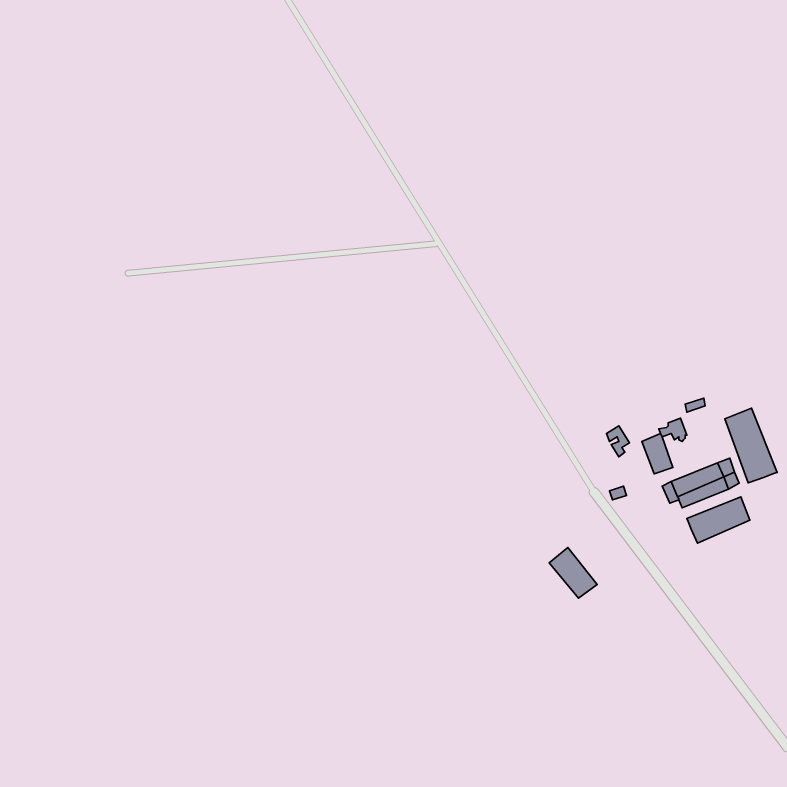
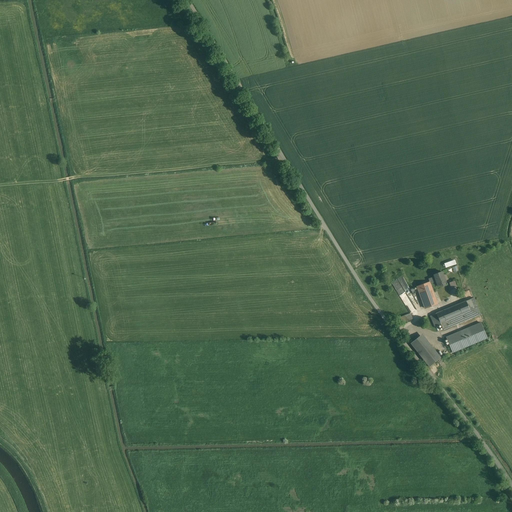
building: [725,408,777,483] -> none
building: [549,547,597,598] -> [409,333,440,366]

